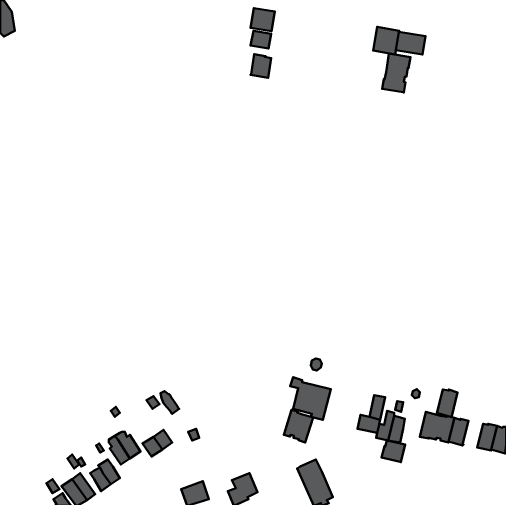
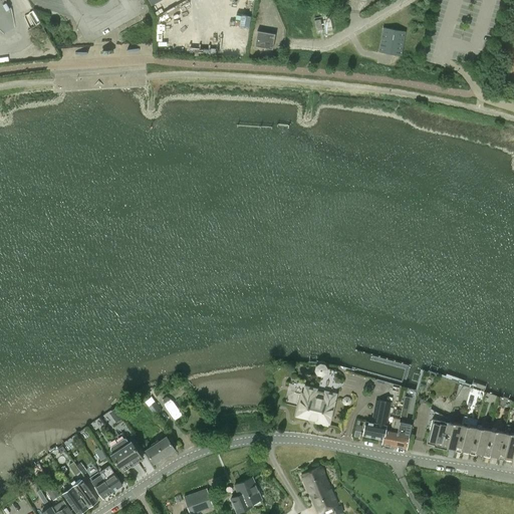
building: [250,8,275,31] -> none
building: [396,32,426,54] -> none
building: [382,53,411,93] -> none
building: [251,54,271,78] -> none
building: [437,389,458,417] -> [469,428,490,456]
building: [284,410,313,443] -> none
building: [382,440,405,462] -> none

